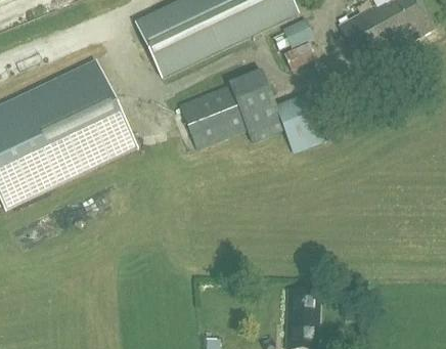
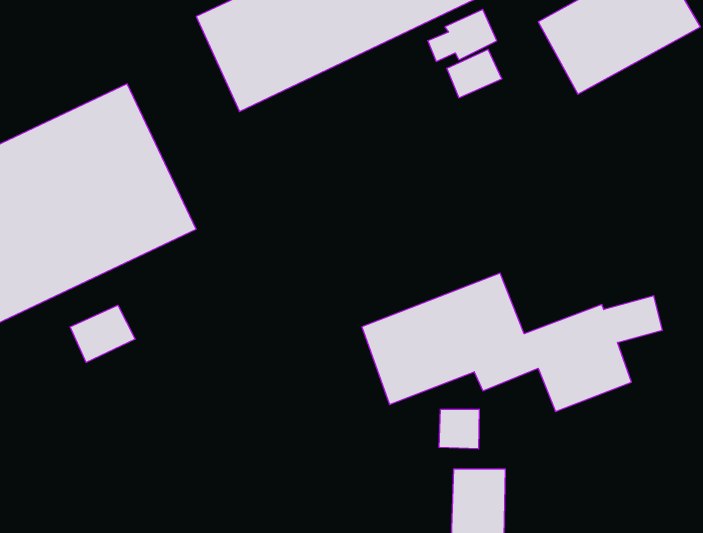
building: [181,70,359,151] -> [362,273,662,412]
building: none -> [70,305,135,362]
building: none -> [439,409,479,449]

